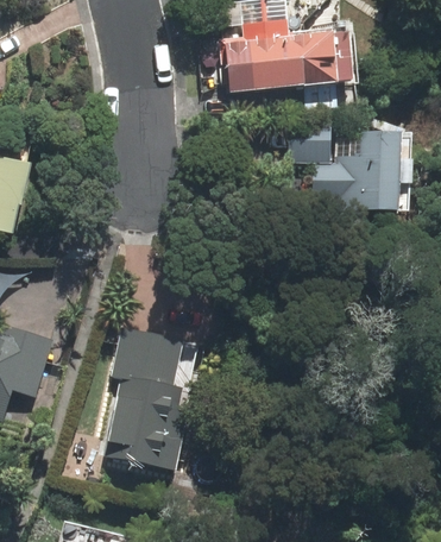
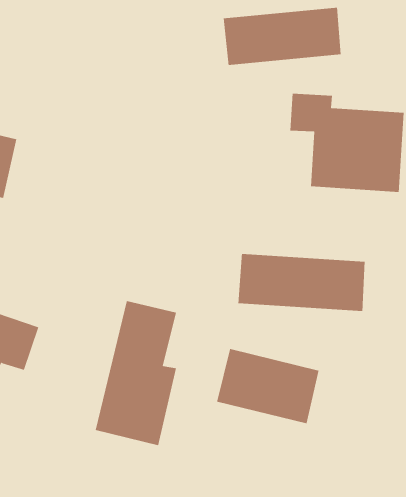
building: none -> [238,253,365,312]
building: none -> [217,348,319,424]

